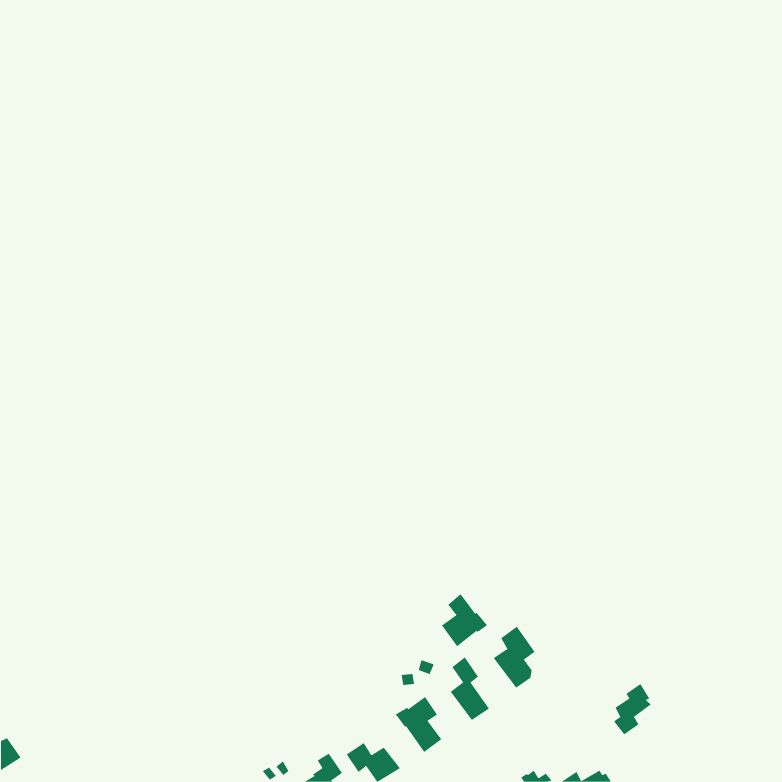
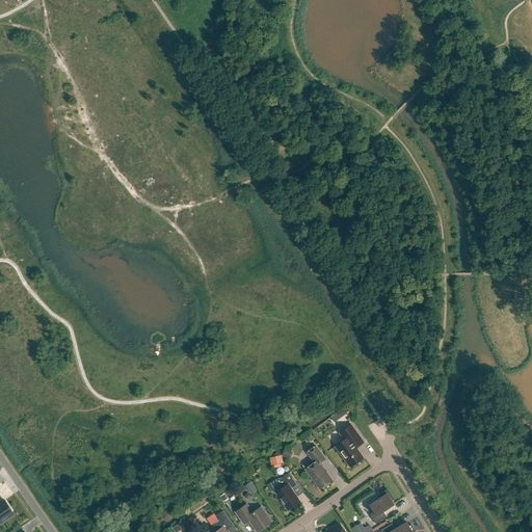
building: [441,593,488,647] -> none
building: [613,683,652,735] -> [369,489,395,525]

